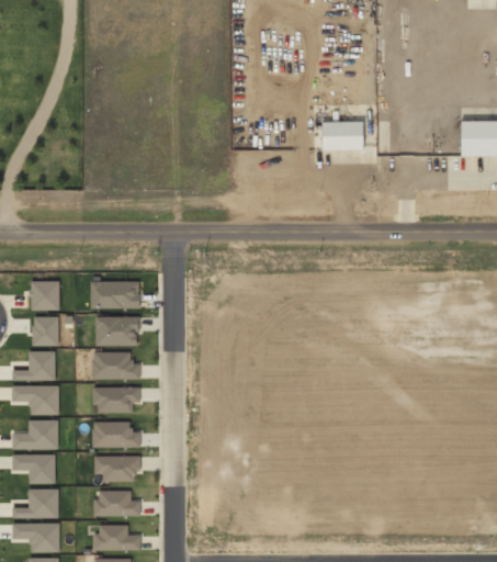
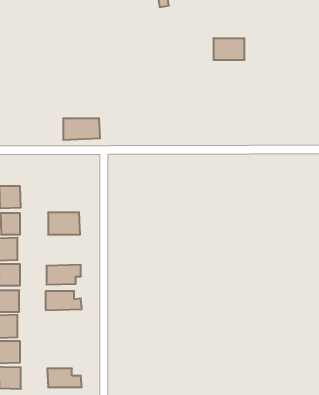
building: [321,121,363,149] -> [213,38,245,60]
building: [90,281,139,310] -> [63,119,100,140]
building: [91,351,139,379] -> none
building: [93,456,140,481] -> none
building: [94,490,139,516] -> none

